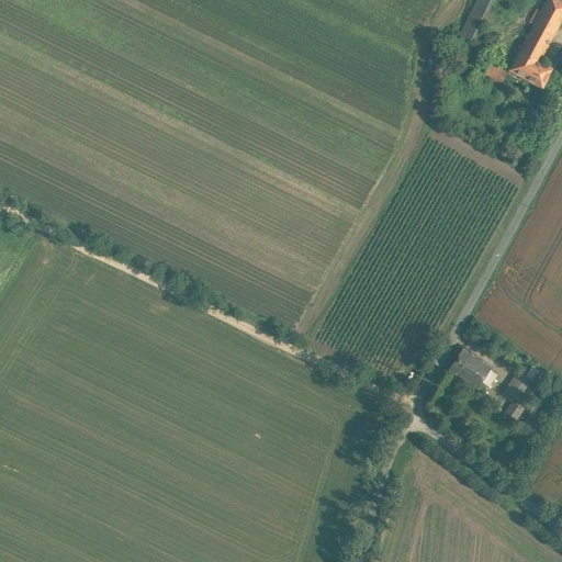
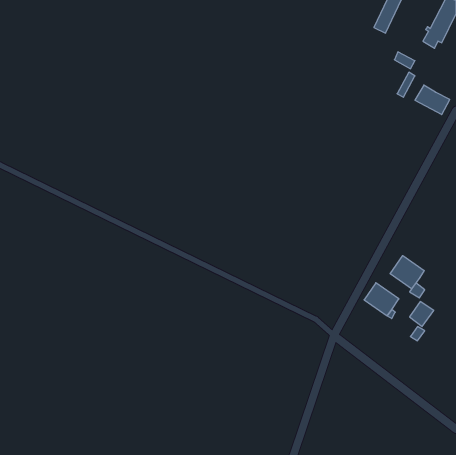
building: [509,50,552,87] -> [415,85,450,115]
building: none -> [390,256,424,289]

